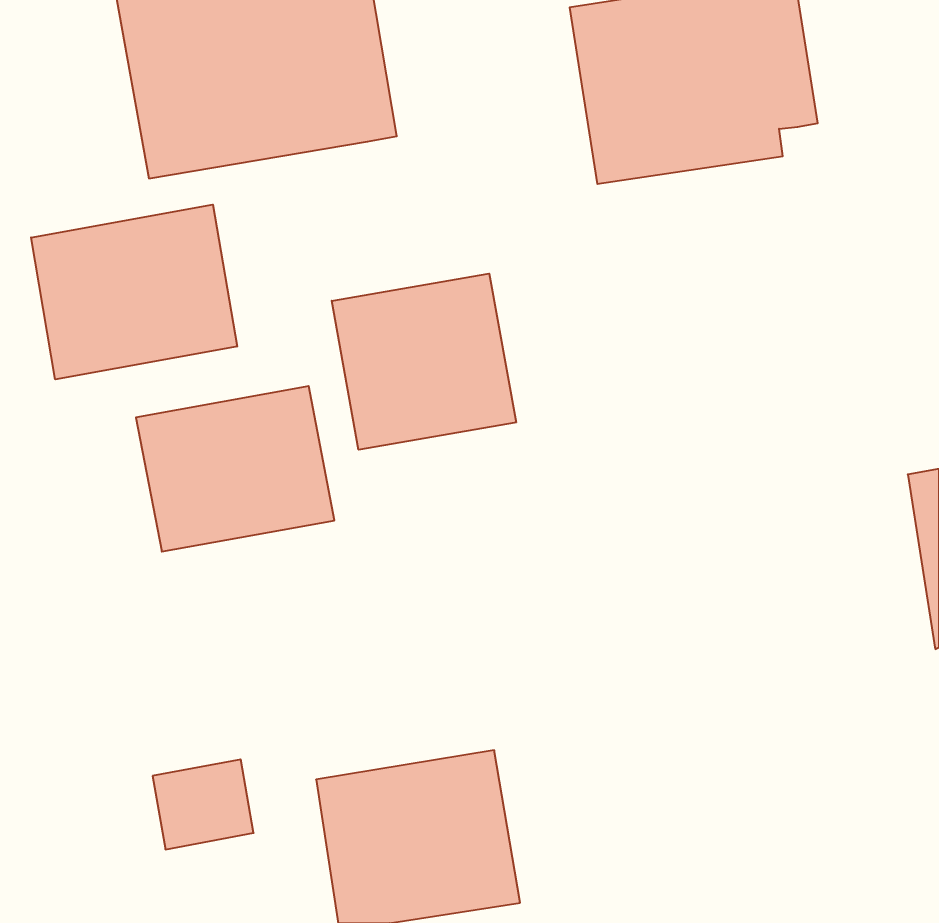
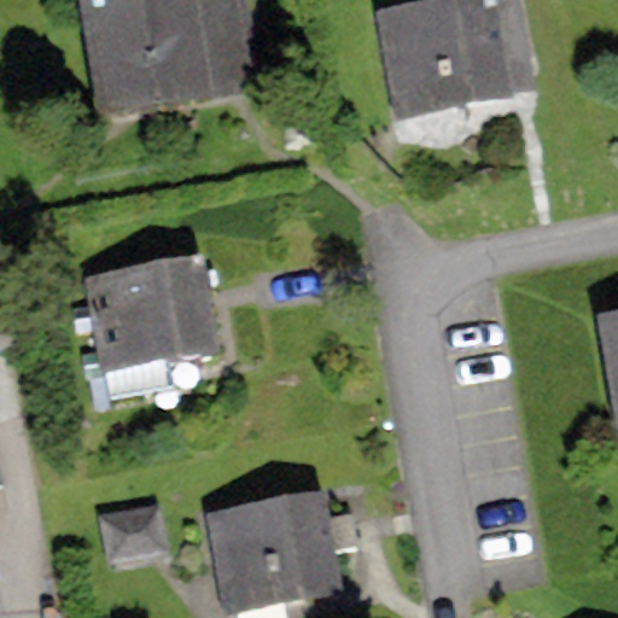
building: [31,205,237,379] -> none
building: [332,274,516,450] -> none

